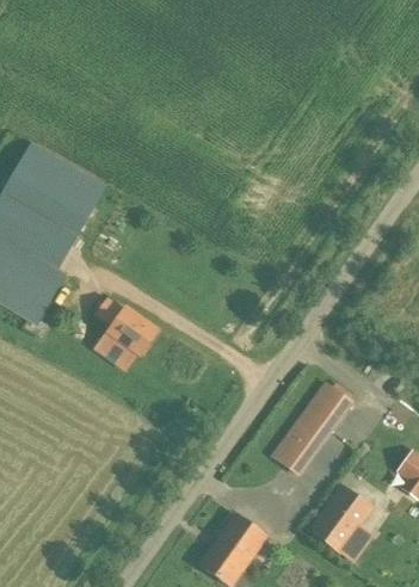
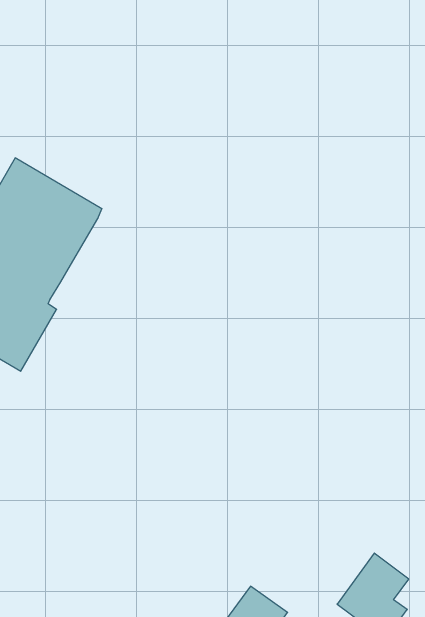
building: [97,298,159,357] -> none
building: [281,394,340,463] -> none

